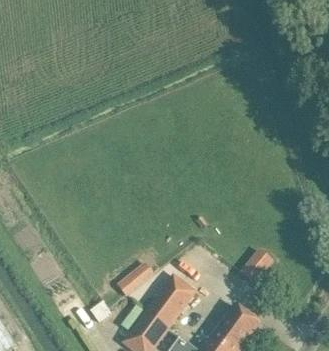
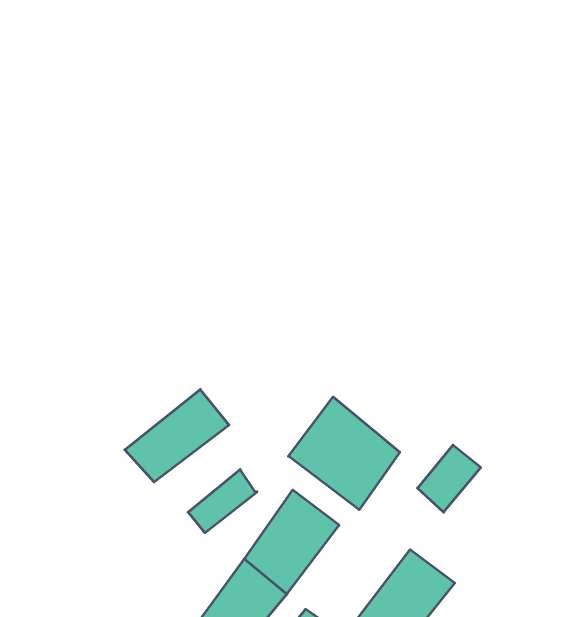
building: none -> [125,389,229,482]
building: none -> [288,397,400,510]

